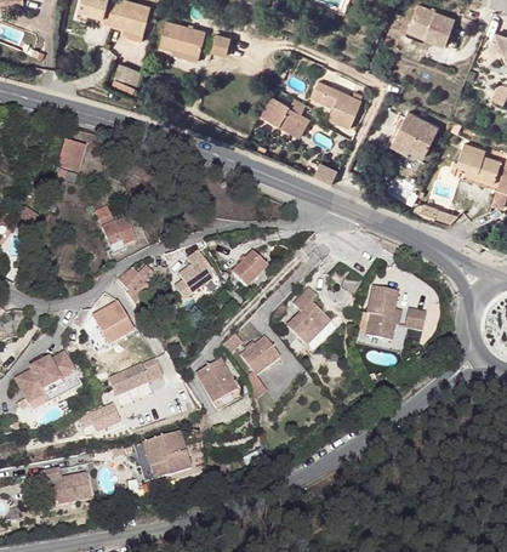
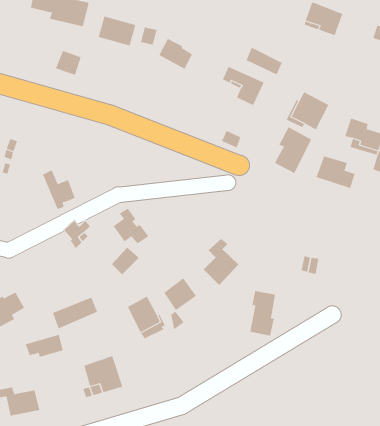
building: none -> [246,47,283,75]
building: [261,96,302,133] -> [158,38,193,69]
building: [57,140,85,172] -> none
building: none -> [274,127,312,174]
building: none -> [316,155,355,189]
building: [233,251,267,285] -> [111,247,139,275]
building: [366,285,398,340] -> [250,291,276,336]
building: [92,302,133,345] -> none

